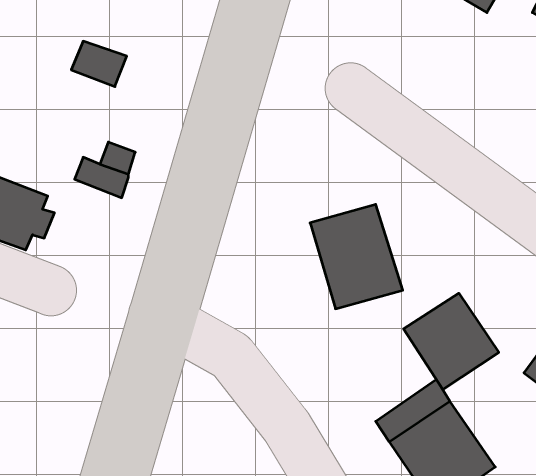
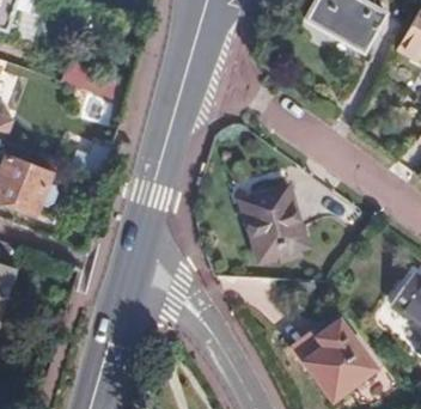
building: [404,293,499,390] -> none

